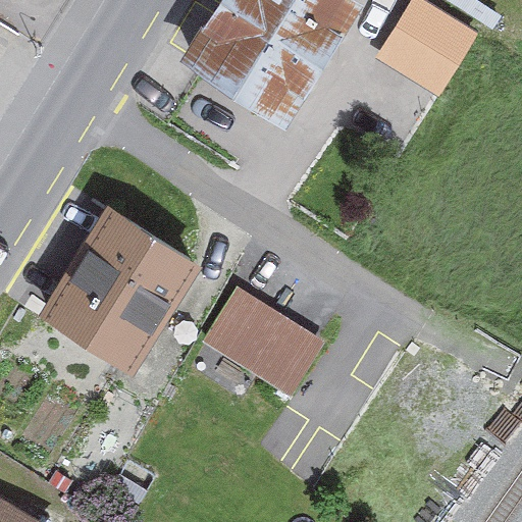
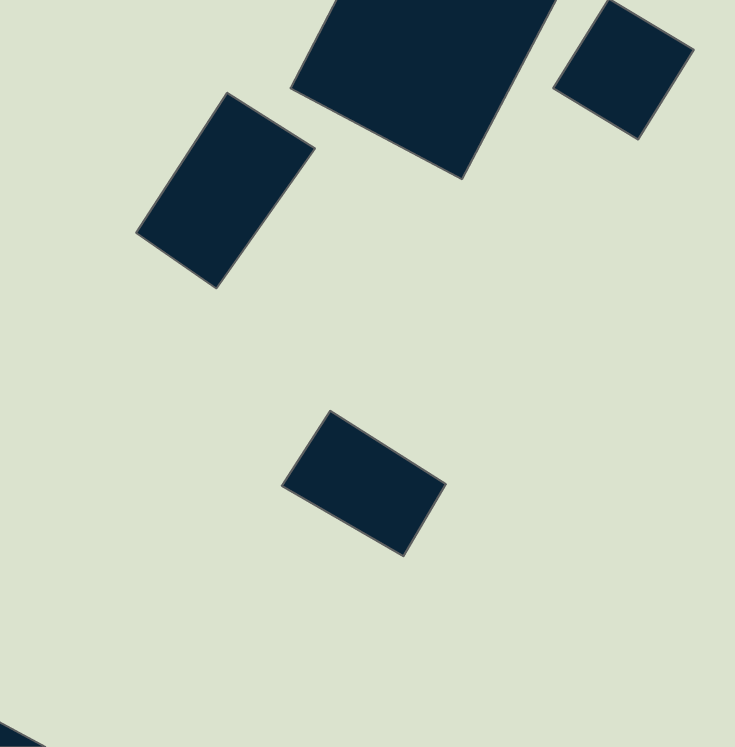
building: none -> [136,93,315,288]
building: [40,206,177,347] -> none

